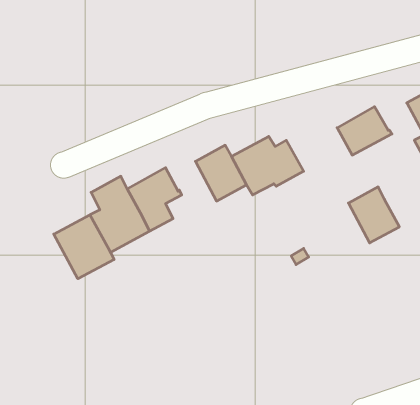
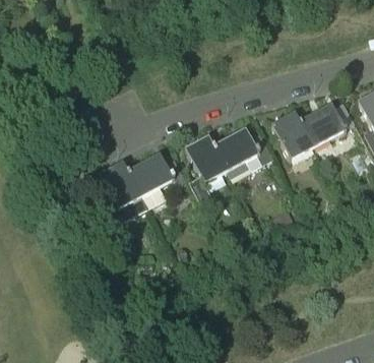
building: [348,187,399,243] -> [272,112,314,158]
building: [54,215,114,279] -> none

